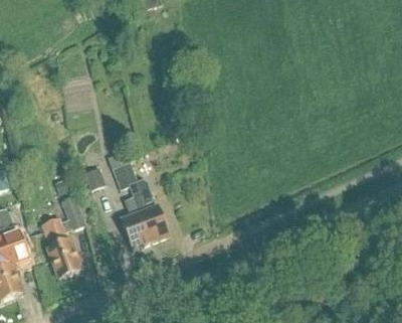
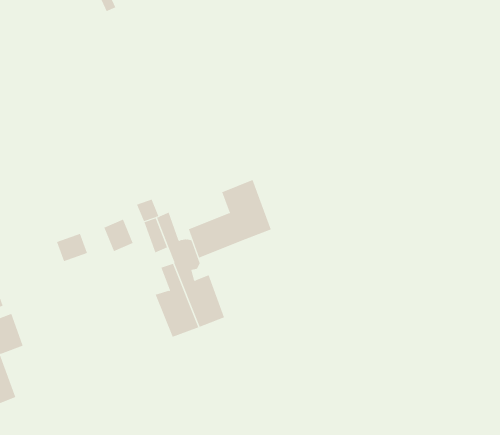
building: none -> [188,179,272,259]
building: [41,195,84,277] -> none

